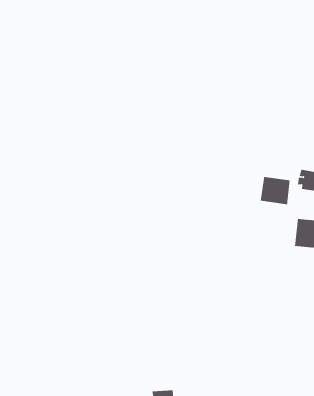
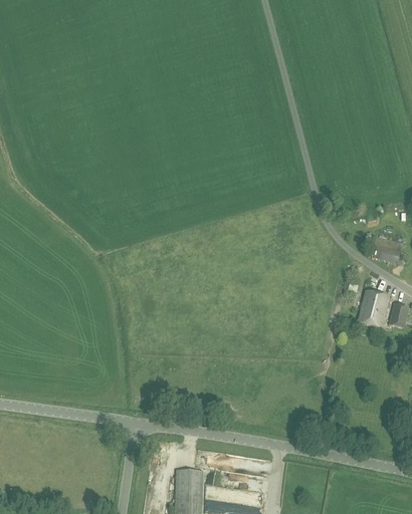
building: [260,176,290,205] -> none

